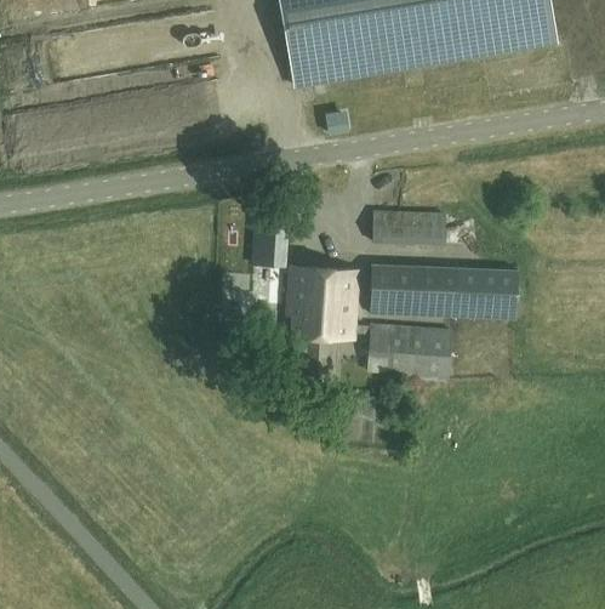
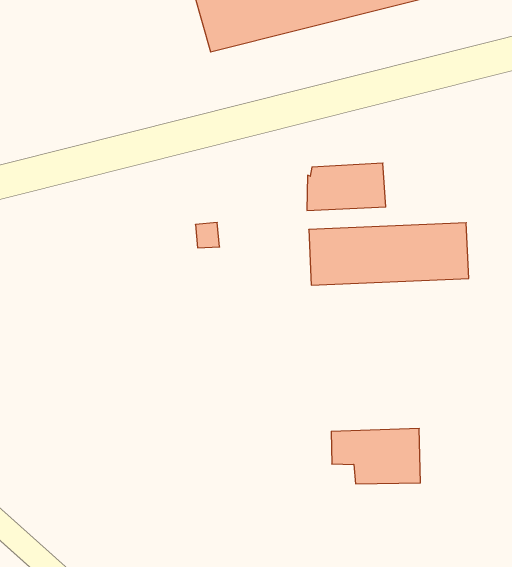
building: [287,266,358,377] -> none
building: [367,324,452,380] -> [331,429,420,484]

